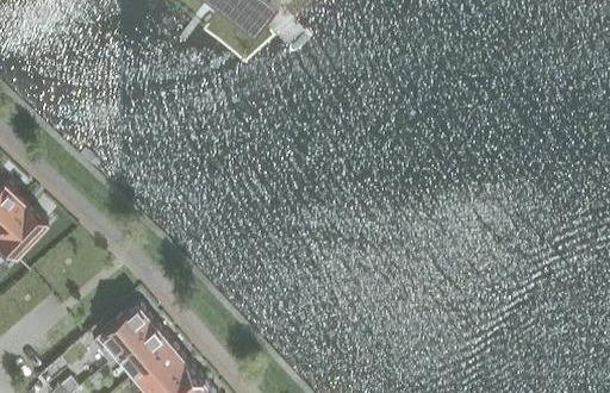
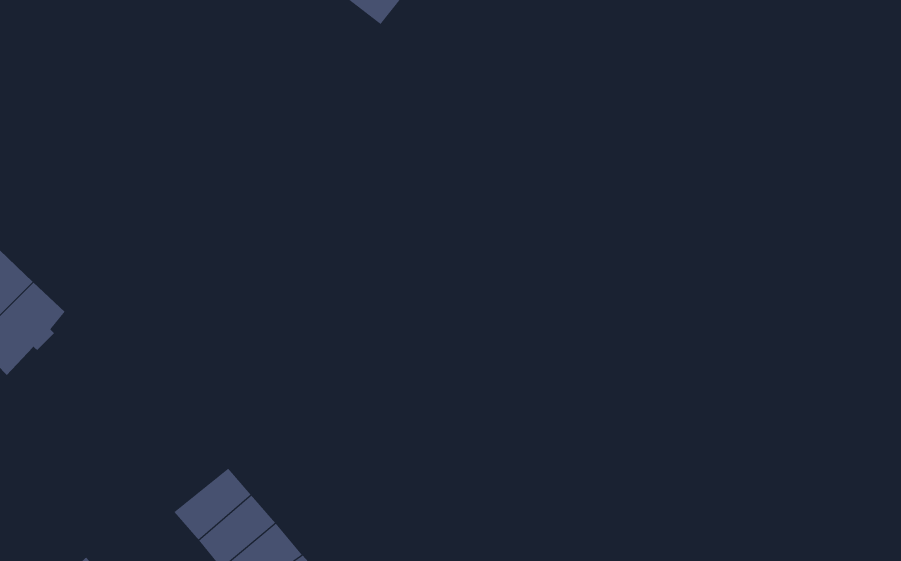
building: [91,305,154,366] -> none

